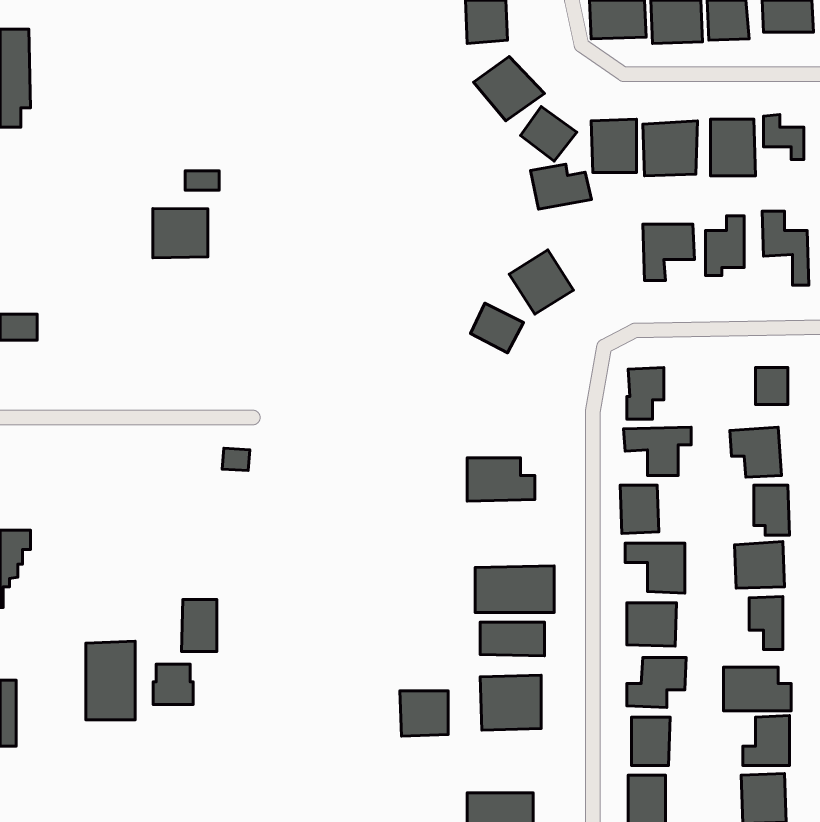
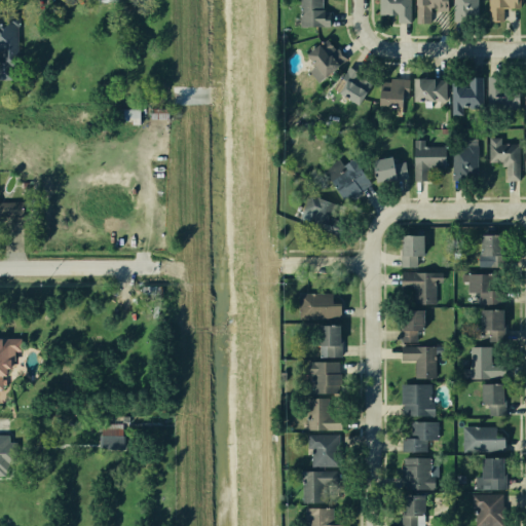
building: [530,164,592,209] -> [369,155,408,184]
building: [153,209,208,258] -> none
building: none -> [320,327,342,358]
building: [182,600,217,651] -> none
building: [86,641,135,720] -> none
building: [400,691,448,736] -> [302,472,333,500]

